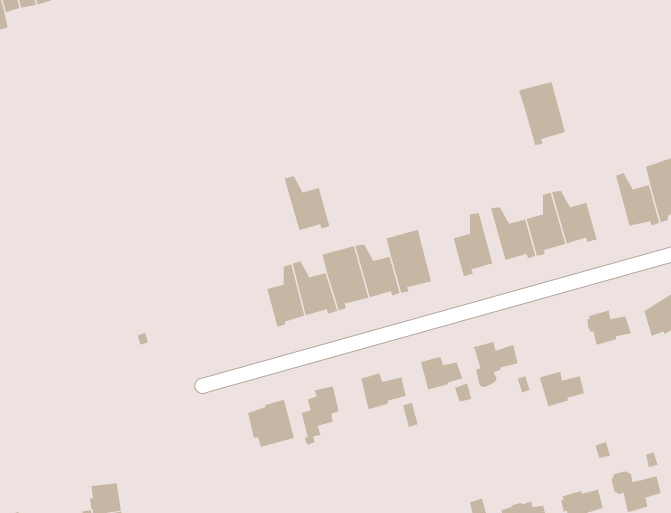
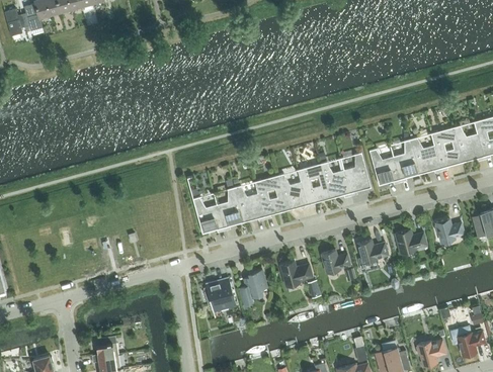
building: [518,81,566,146] -> [430,127,463,171]
building: [284,176,330,231] -> [192,196,224,234]
building: none -> [320,162,350,199]
building: [539,371,585,407] -> [395,229,426,254]

